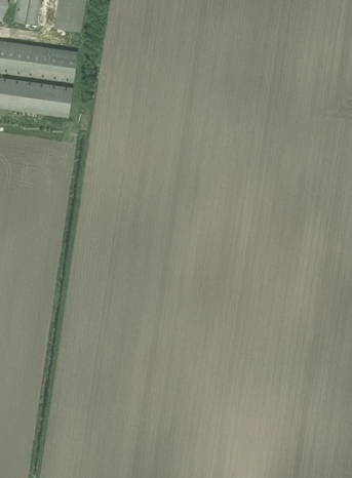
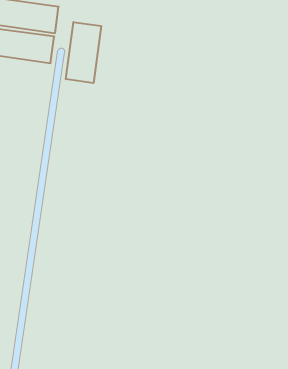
building: none -> [66,22,101,83]

